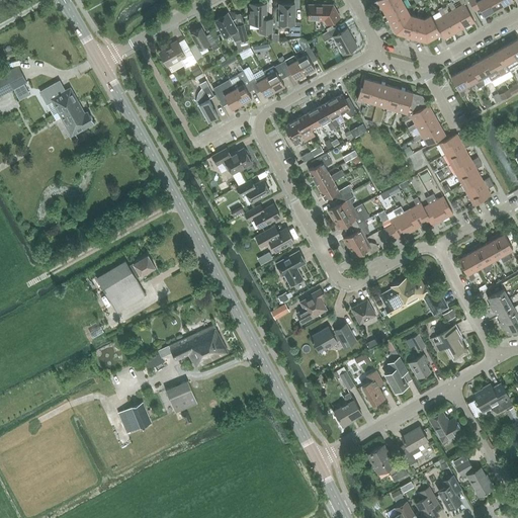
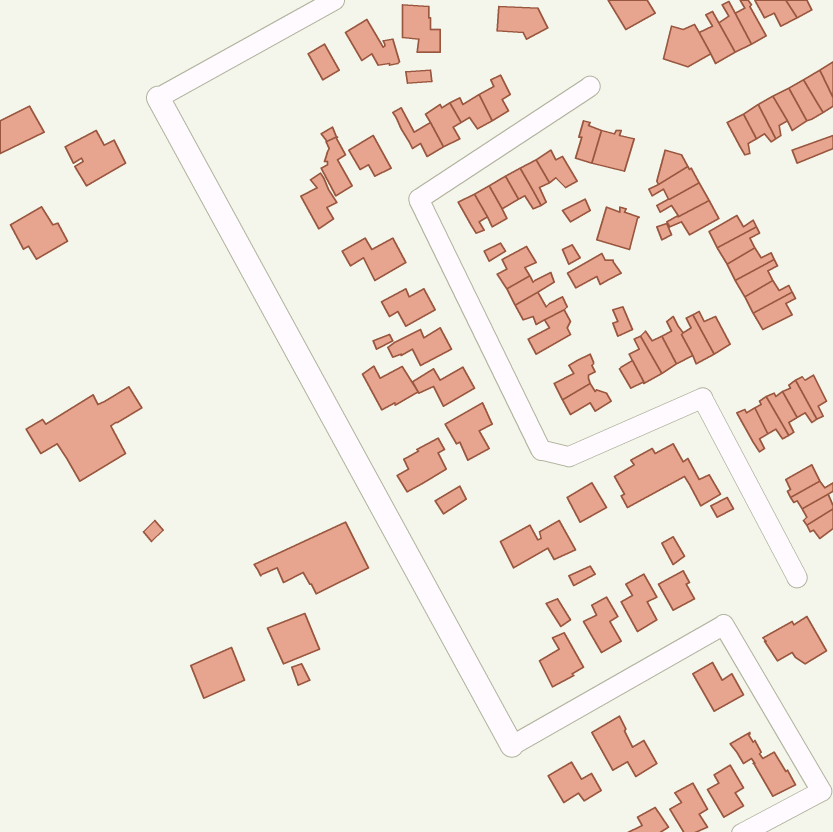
building: [279,5,301,36] -> none
building: [388,9,417,37] -> none
building: [321,28,357,55] -> none
building: [160,41,197,69] -> none
building: [232,71,254,105] -> [301,173,337,229]
building: [387,87,414,113] -> [597,207,639,250]
building: [59,102,94,135] -> [10,207,67,259]
building: [333,208,366,230] -> [568,254,621,288]
building: none -> [363,366,418,410]
building: [84,255,156,314] -> [26,387,142,481]
building: [295,290,326,324] -> [397,438,446,492]
building: [434,326,468,360] -> none
building: [400,428,428,466] -> none
building: none -> [548,762,601,803]

